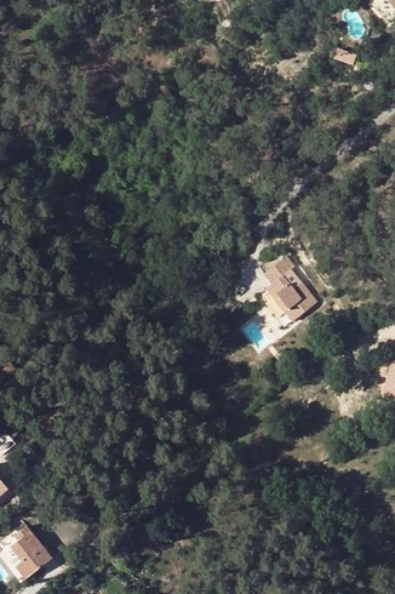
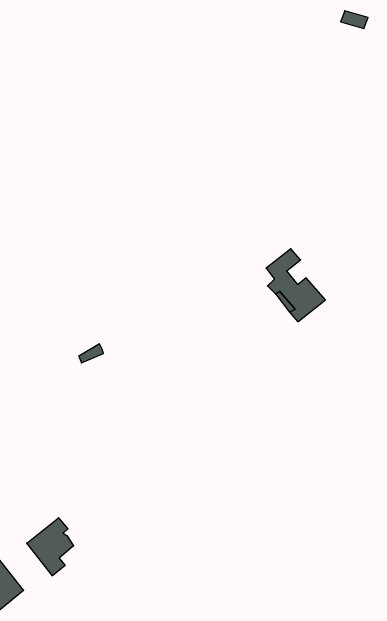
building: none -> [27,518,74,576]

